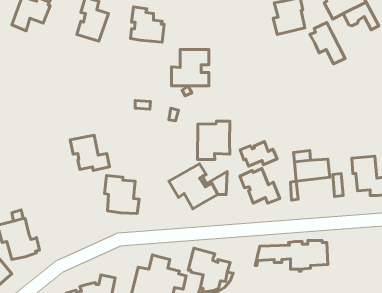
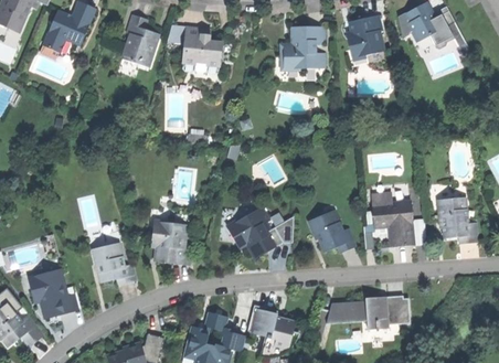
building: [310,22,345,64] -> none
building: [172,49,209,86] -> [279,26,322,68]
building: [198,121,230,160] -> none
building: [70,135,110,171] -> [92,244,137,285]
building: [240,141,277,166] -> none
building: none -> [393,223,414,247]

